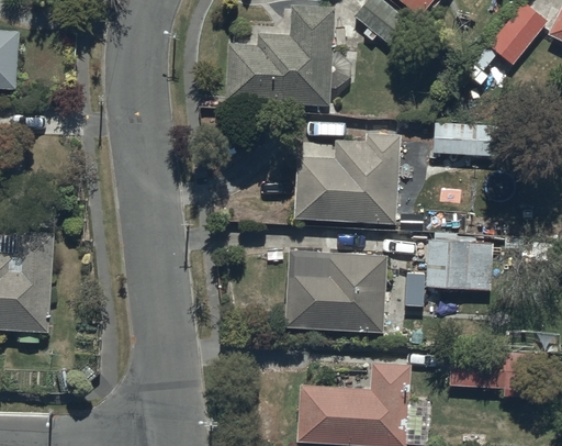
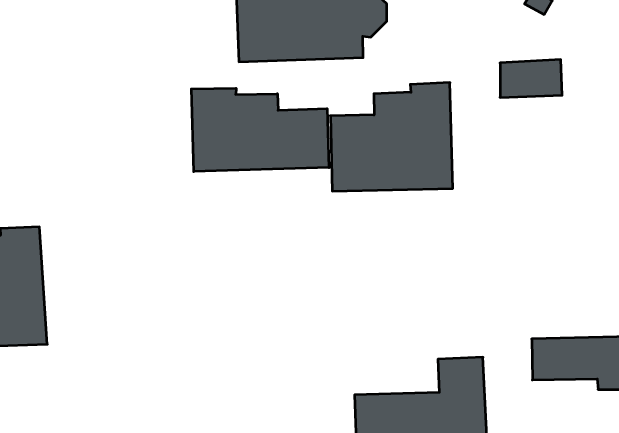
building: none -> [191,88,329,172]
building: [425,228,491,286] -> none
building: [286,254,386,334] -> none

